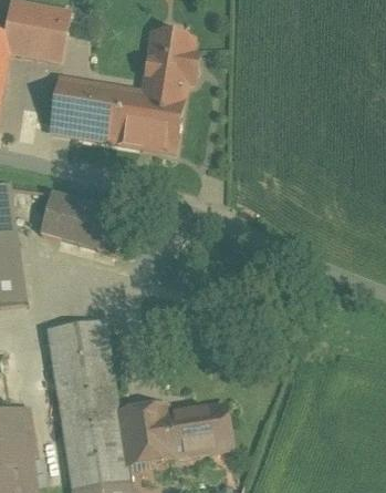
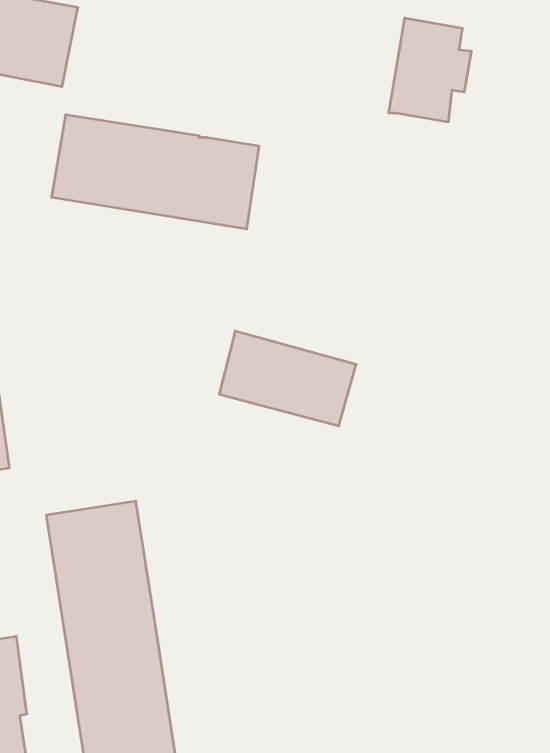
building: [144,32,196,97] -> [389,18,471,122]
building: [40,192,126,251] -> [219,331,356,426]
building: [118,403,231,464] -> none

